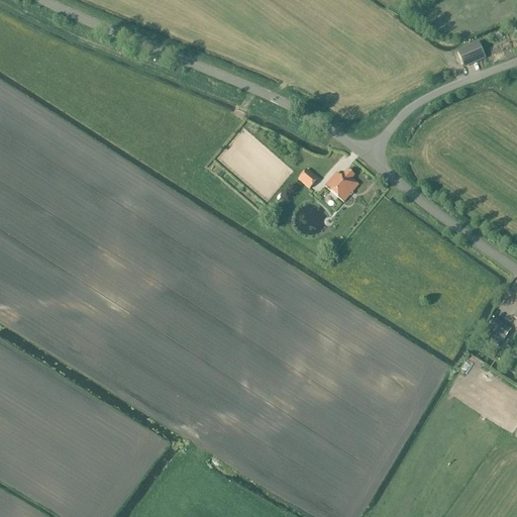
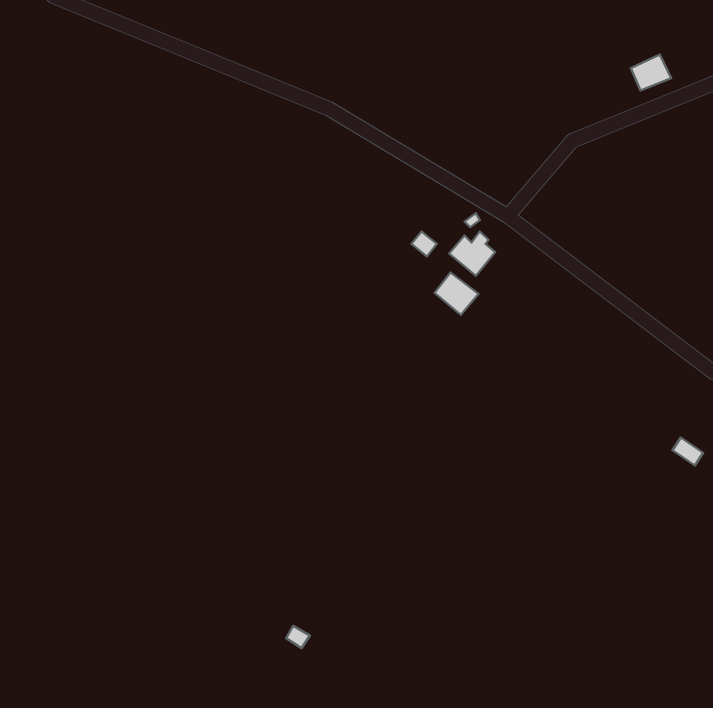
building: none -> [435,273,479,315]

